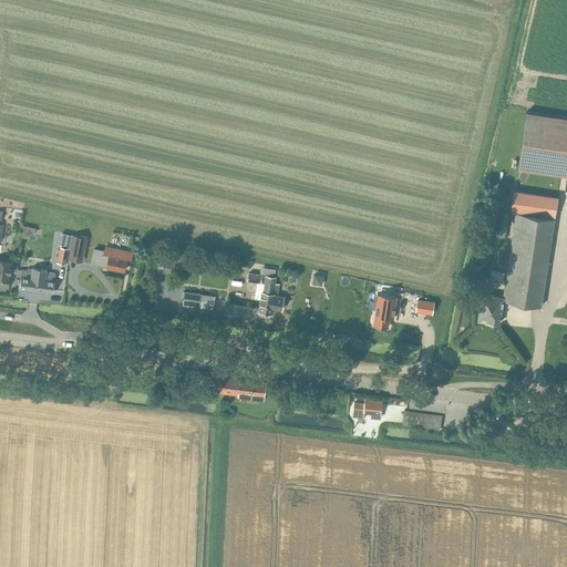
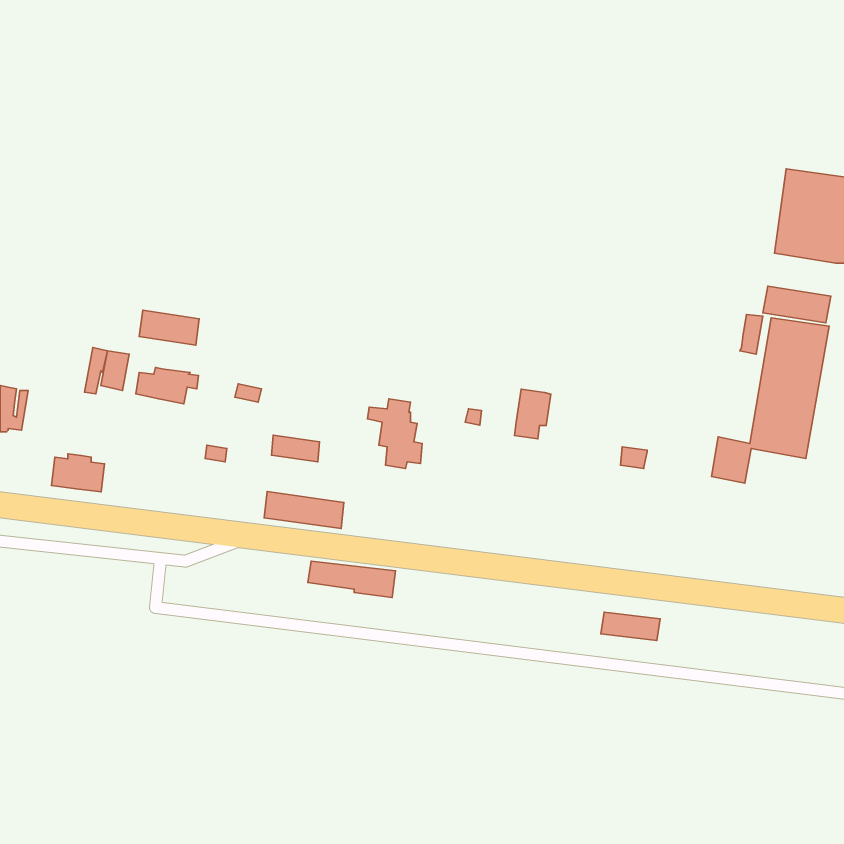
building: none -> [139,310,199,345]
building: [20,268,55,293] -> [51,454,104,492]
building: [373,295,398,328] -> [515,389,551,439]
building: none -> [264,492,344,529]
building: [353,400,383,420] -> none

